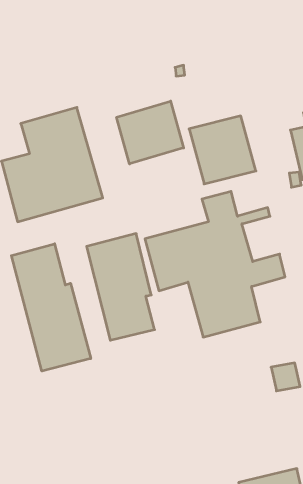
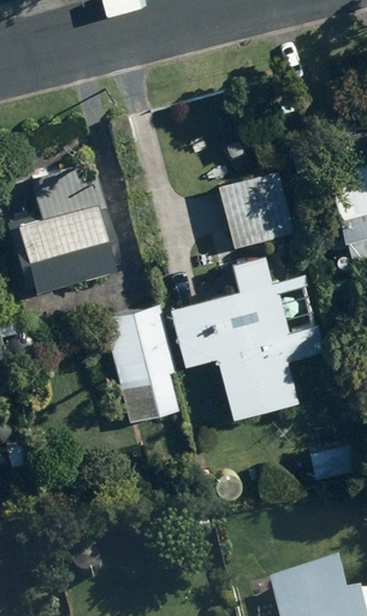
building: [117,101,184,164] -> none
building: [11,244,91,371] -> none

